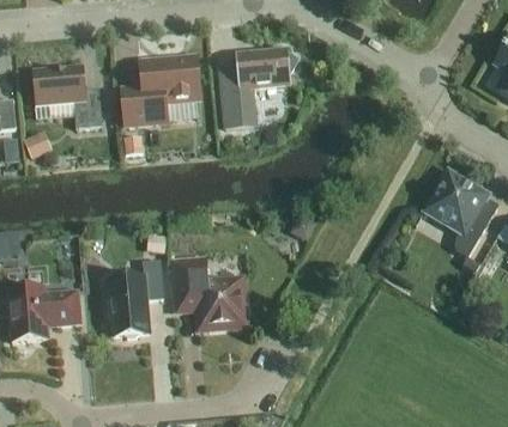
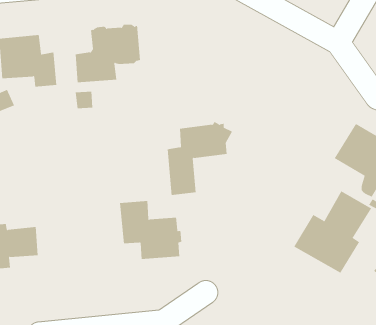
building: [219,44,296,130] -> [167,121,233,195]
building: none -> [293,191,372,274]
building: [103,258,162,335] -> none

